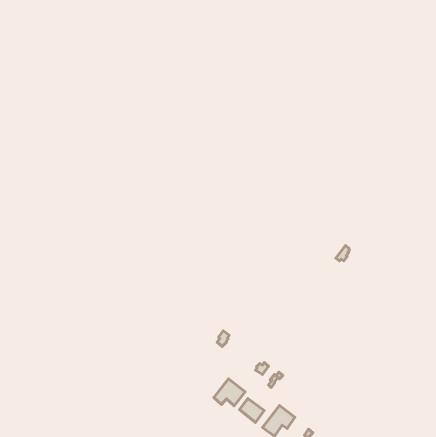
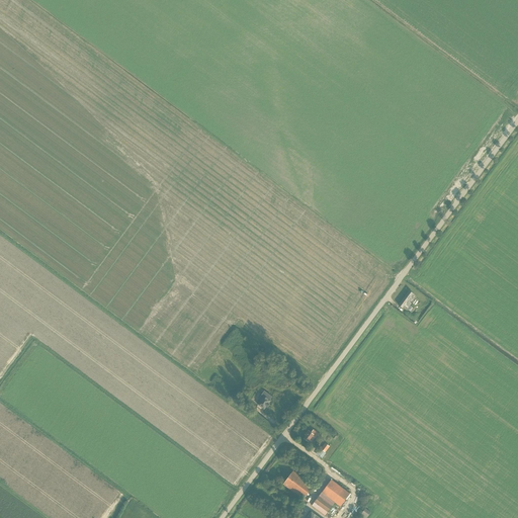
building: [214,379,245,406] -> none

